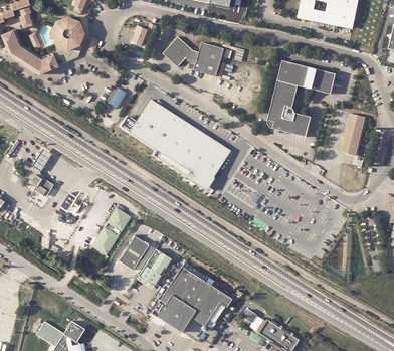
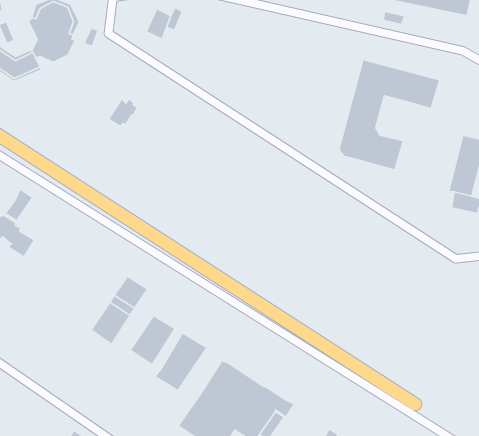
building: [161,36,222,75] -> none
building: [122,99,231,190] -> none

